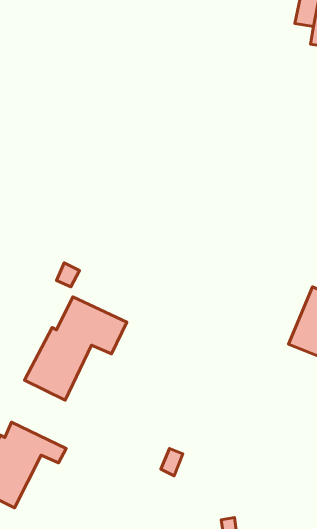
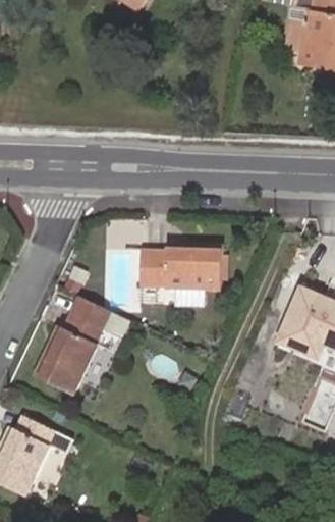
building: none -> [139,247,224,288]

